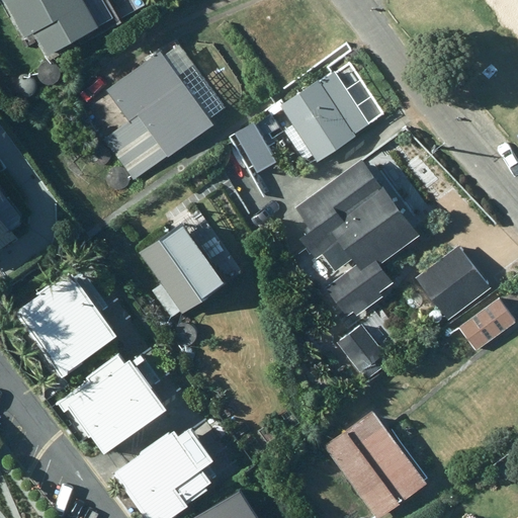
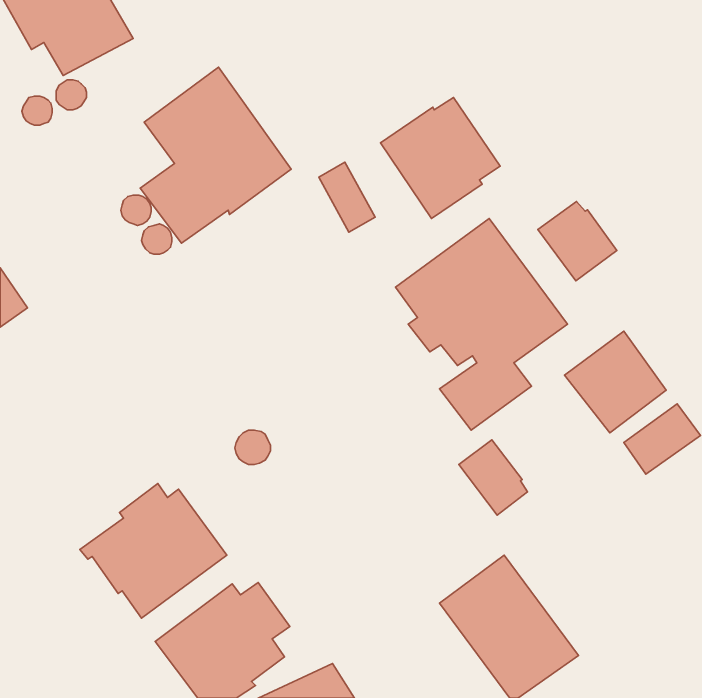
building: none -> [538,202,617,281]
building: [140,223,225,313] -> none
building: [16,273,117,376] -> none

